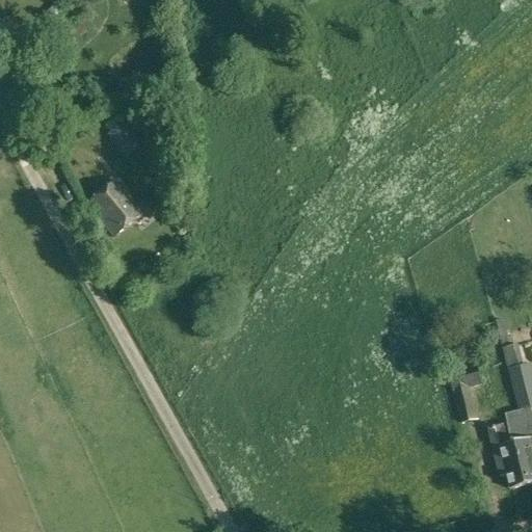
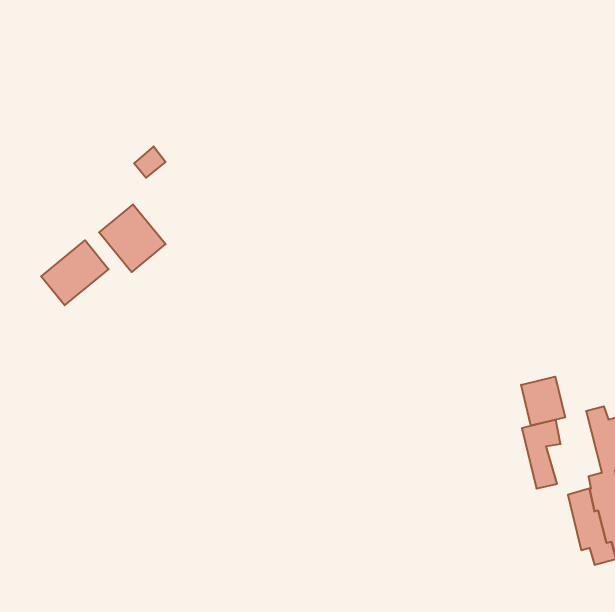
building: none -> [41,240,109,305]
building: none -> [521,377,565,426]

